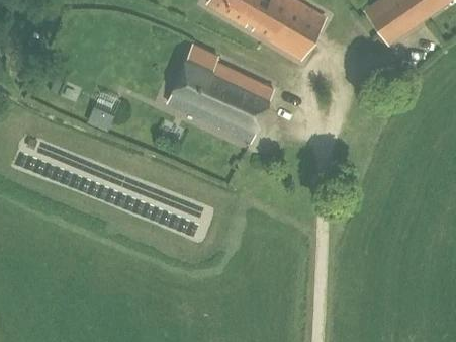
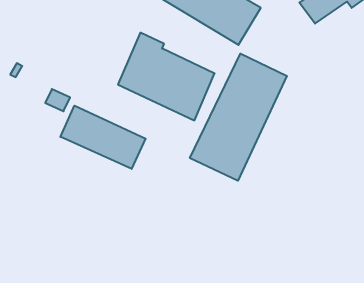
building: none -> [190,54,287,181]
building: none -> [60,106,146,169]

